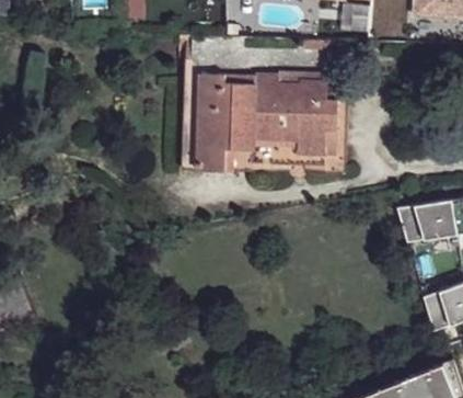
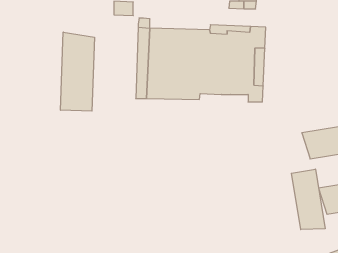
building: none -> [61,32,94,111]
building: none -> [291,169,325,230]

